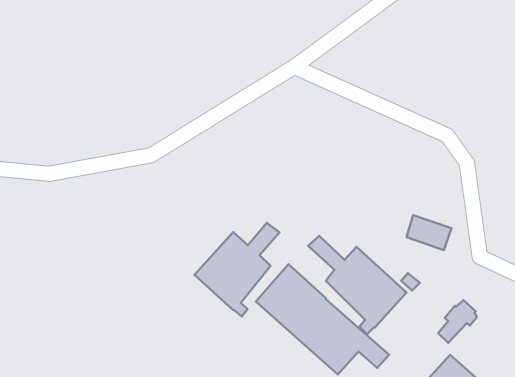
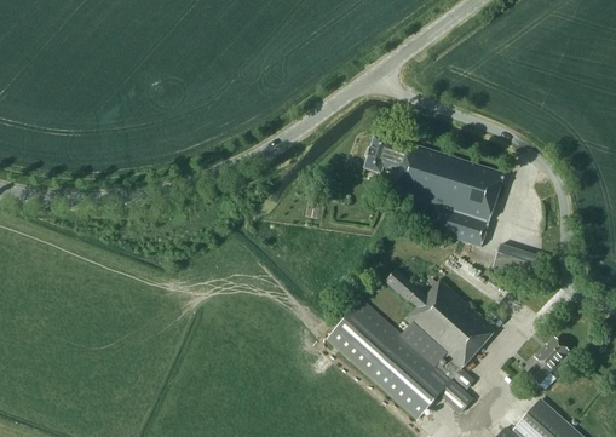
building: none -> [364,131,505,245]
building: [194,223,280,316] -> none

